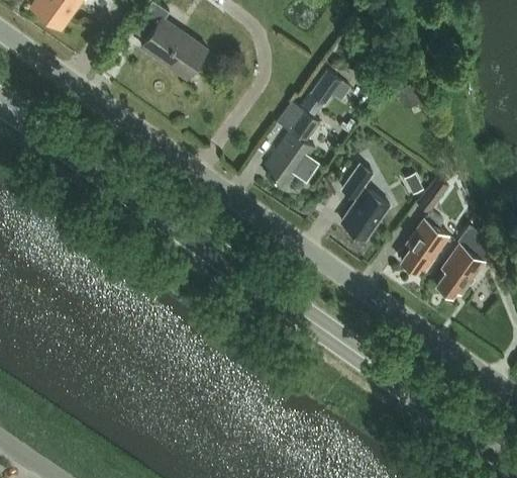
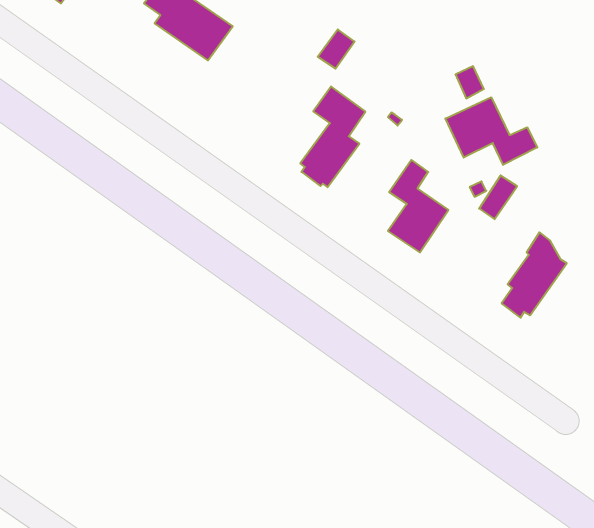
building: [311,70,342,103] -> [318,29,355,69]
building: none -> [445,97,537,165]
building: [401,217,449,271] -> none

